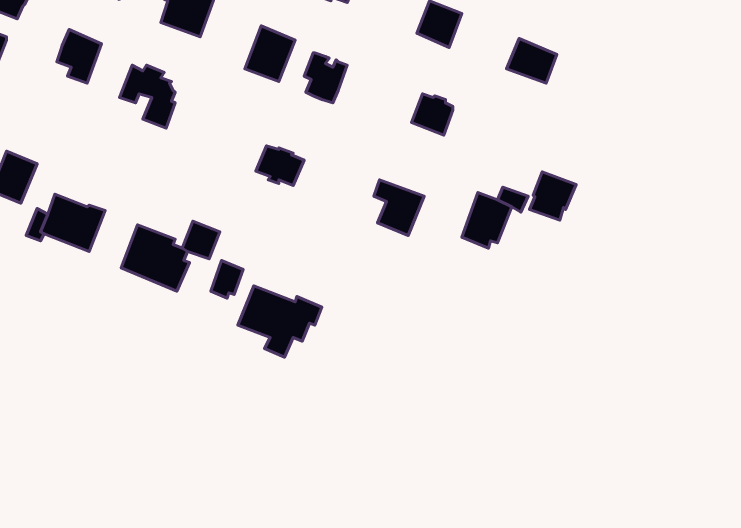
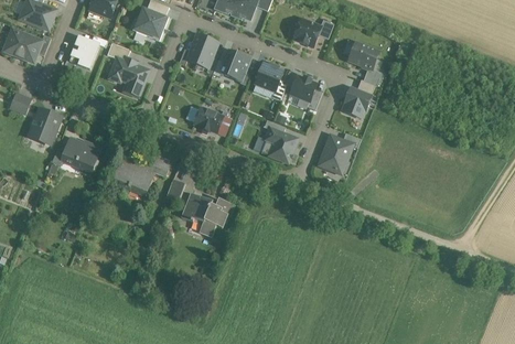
building: none -> [254,63,282,90]
building: [530,172,576,220] -> [342,87,371,117]

